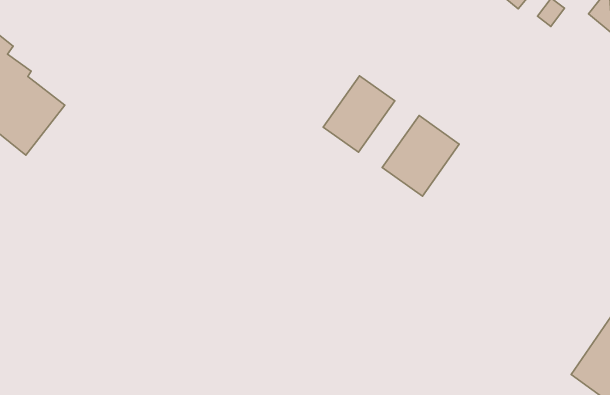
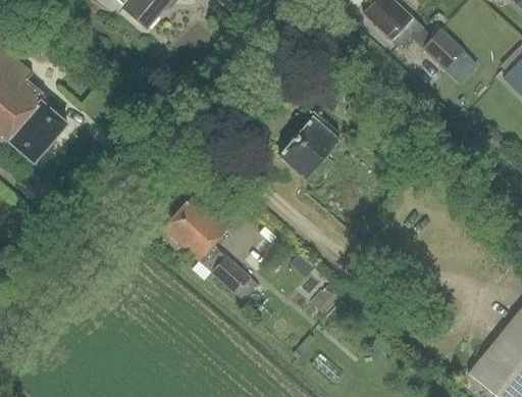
building: [382,116,459,196] -> none
building: none -> [162,194,256,294]

